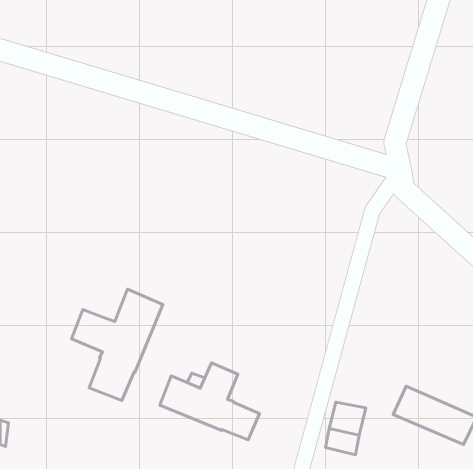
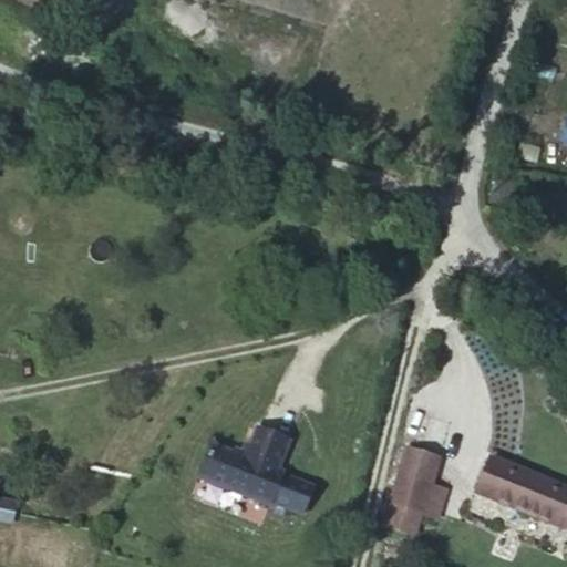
building: [71,289,163,401] -> none
building: none -> [404,445,445,481]

